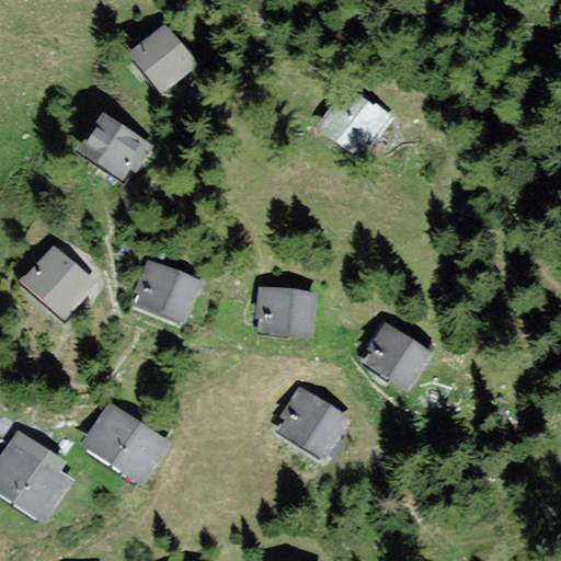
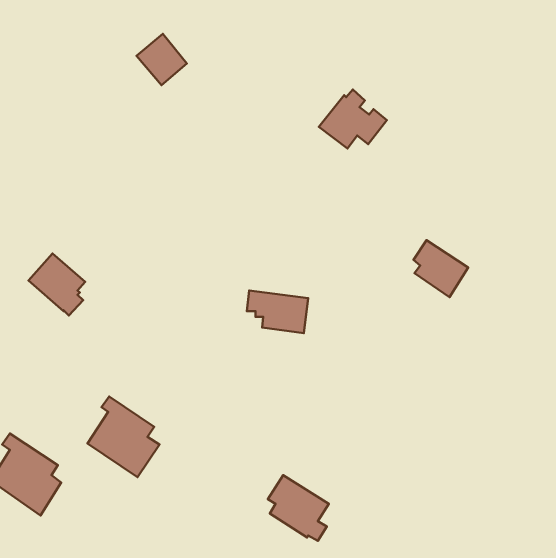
building: [83,122,146,174] -> none
building: [136,265,198,318] -> none
building: [369,330,424,387] -> [413,240,468,297]
building: [282,392,343,458] -> [268,475,329,541]

